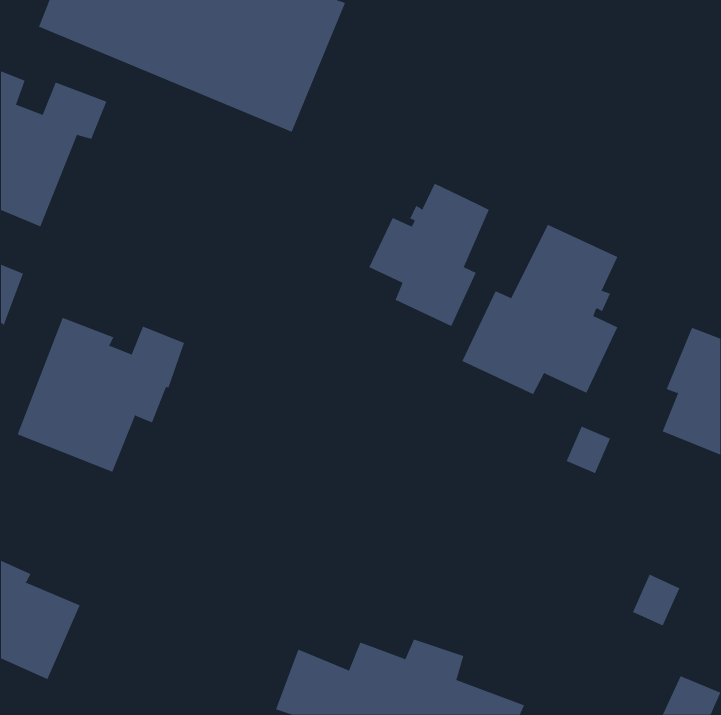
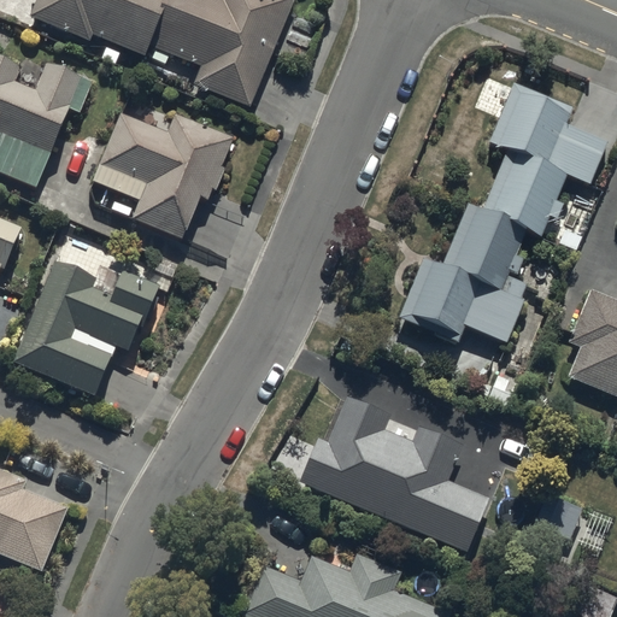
building: none -> [481,75,606,225]
building: none -> [92,119,235,248]
building: [369,183,490,327] -> none
building: none -> [295,388,489,545]

